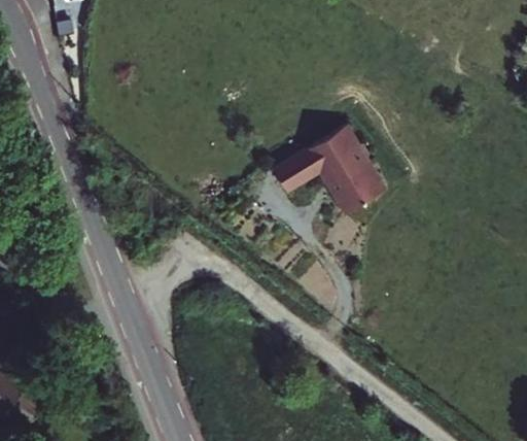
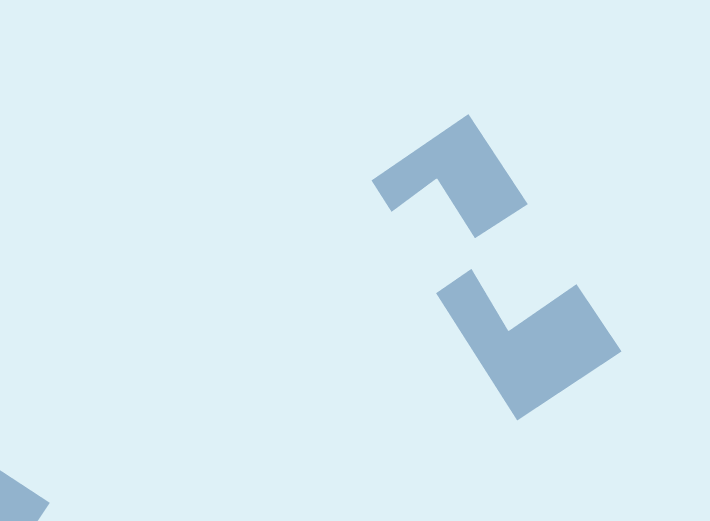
building: none -> [435,268,623,421]

